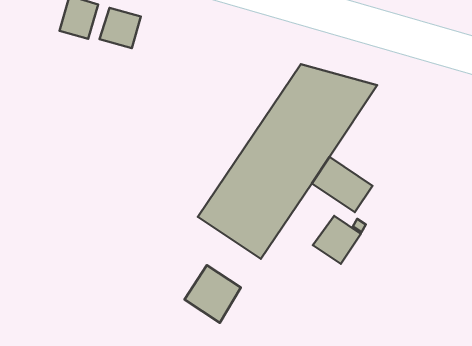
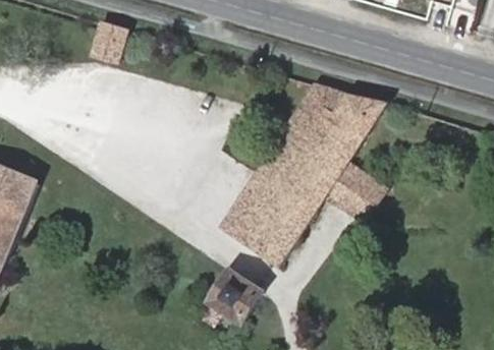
building: [99,8,141,48] -> none
building: [313,216,361,264] -> none

